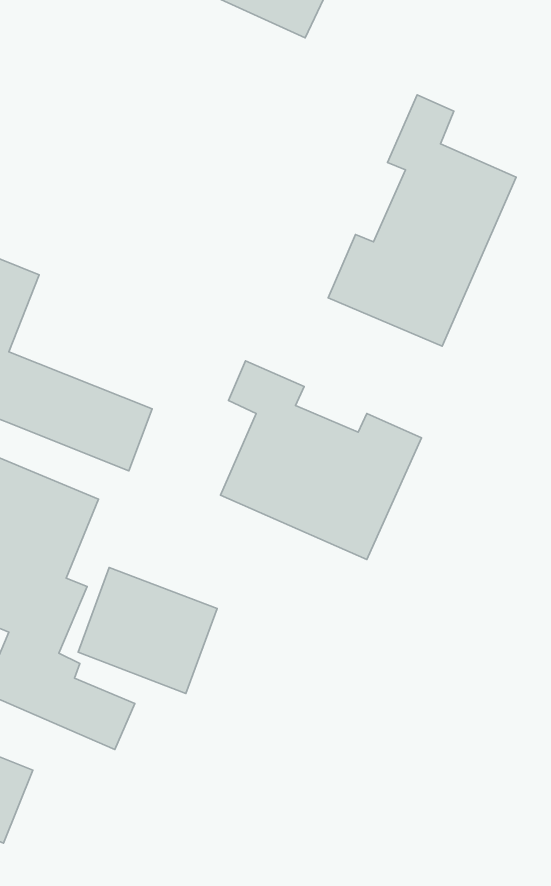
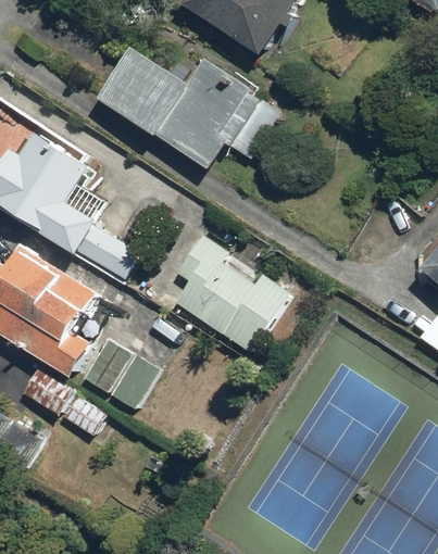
building: none -> [93,48,284,173]
building: [328,95,516,346] -> none

